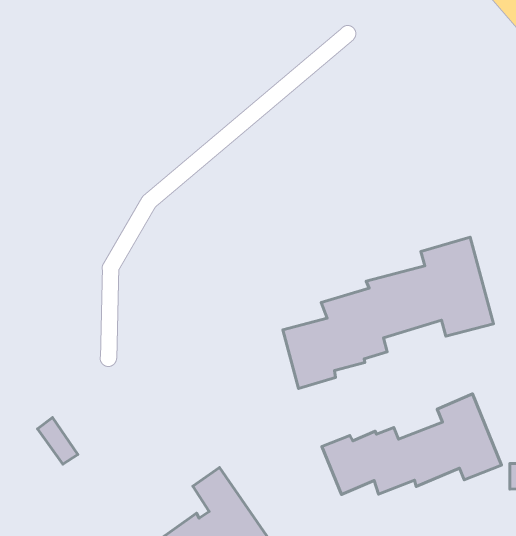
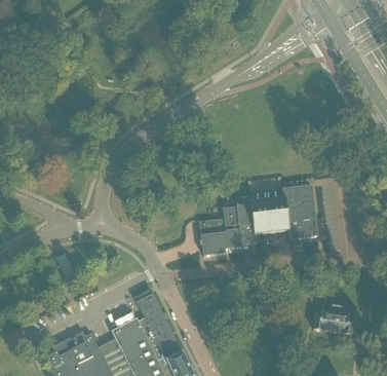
building: [322,394,501,494] -> none

